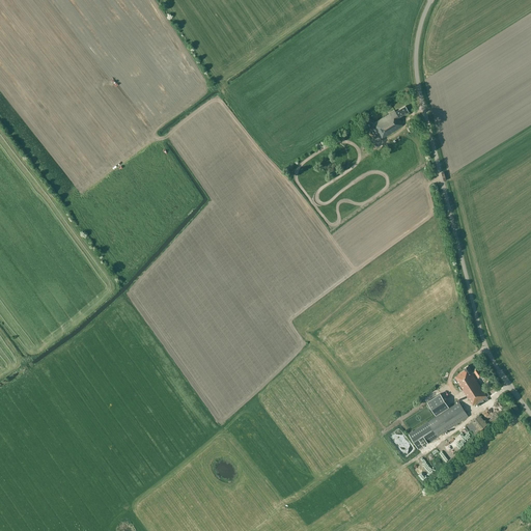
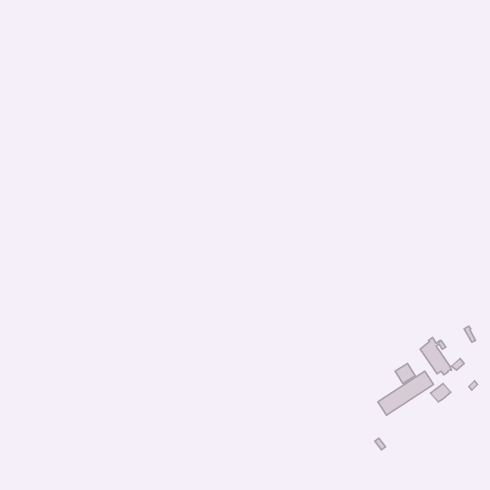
building: [372,106,409,139] -> none

